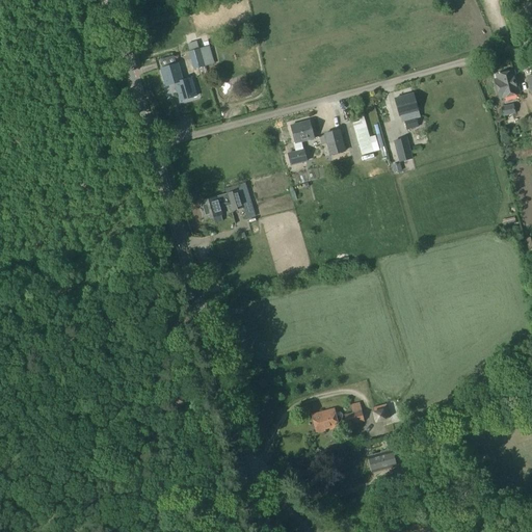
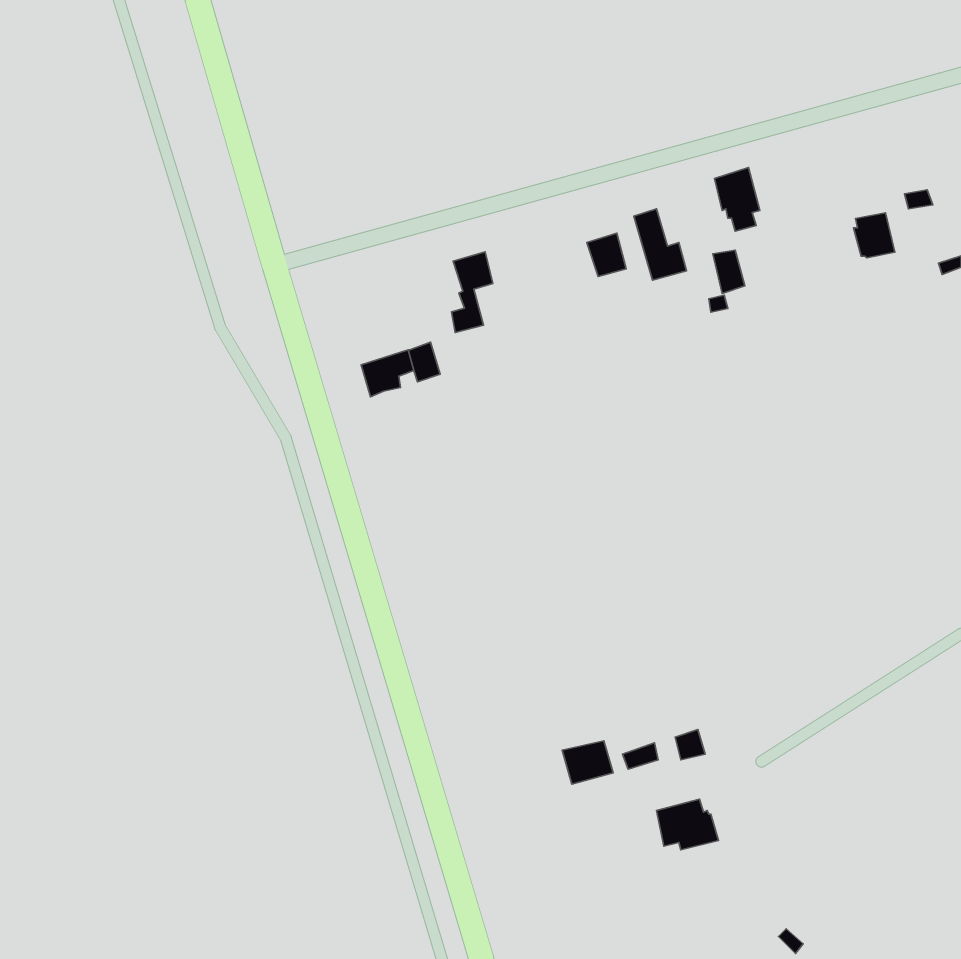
building: [189,46,214,69] -> none
building: [161,63,196,101] -> none
building: [495,72,517,97] -> [854,213,895,258]
building: [289,121,312,165] -> [451,252,493,333]

